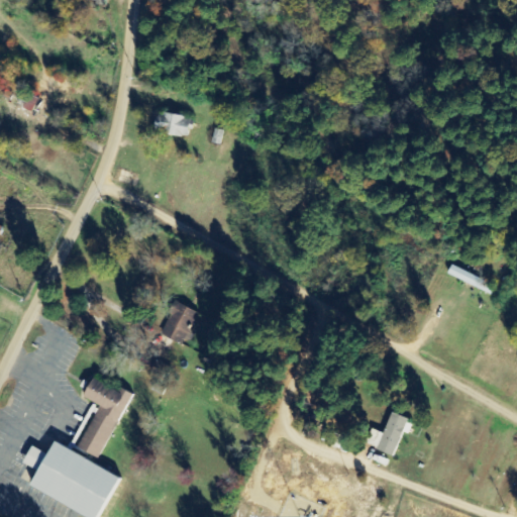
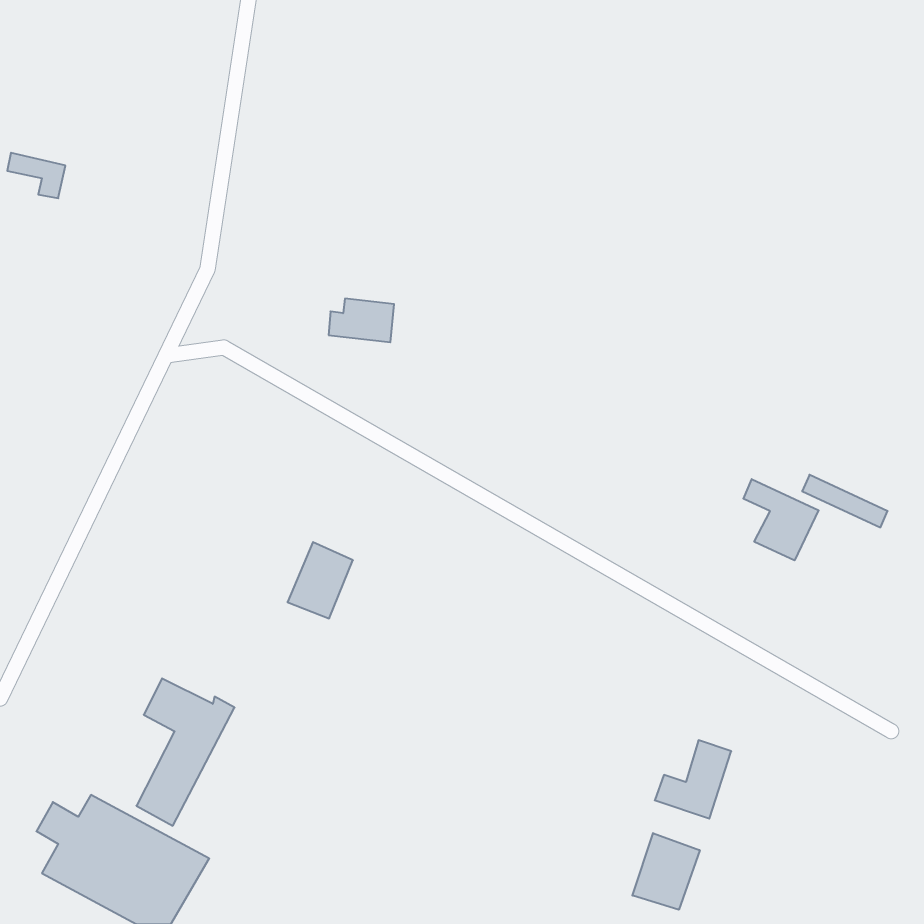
building: [154,111,191,135] -> [329,299,394,342]
building: none -> [743,479,819,560]
building: none -> [632,833,700,910]

